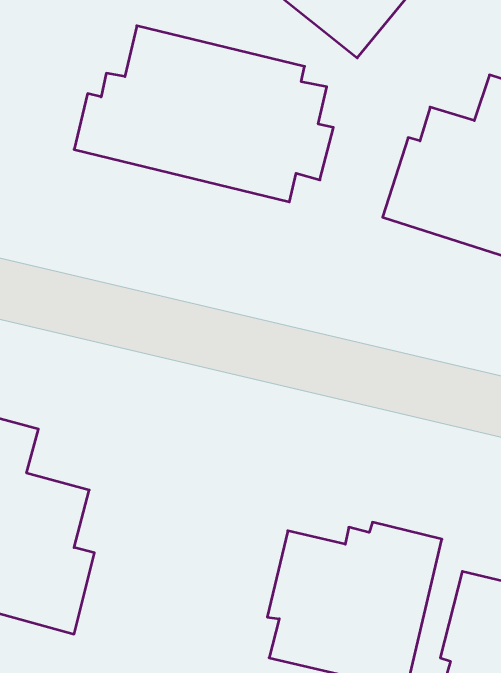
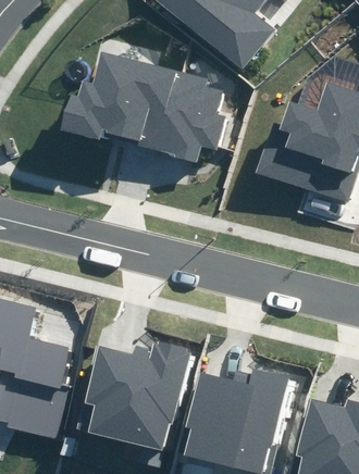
building: none -> [82,339,189,450]

